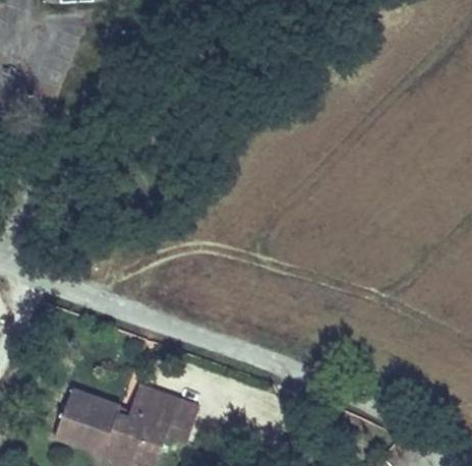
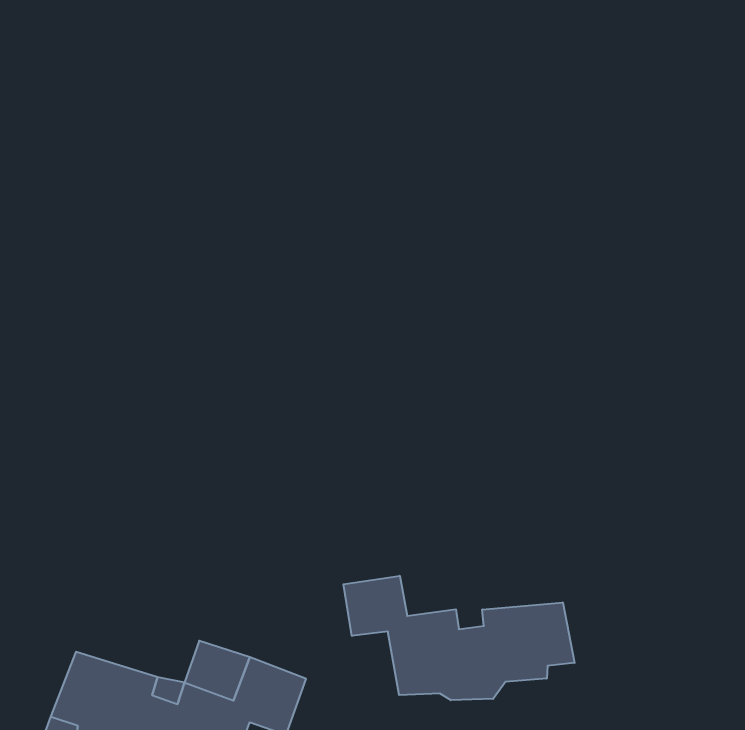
building: none -> [343,576,575,700]

